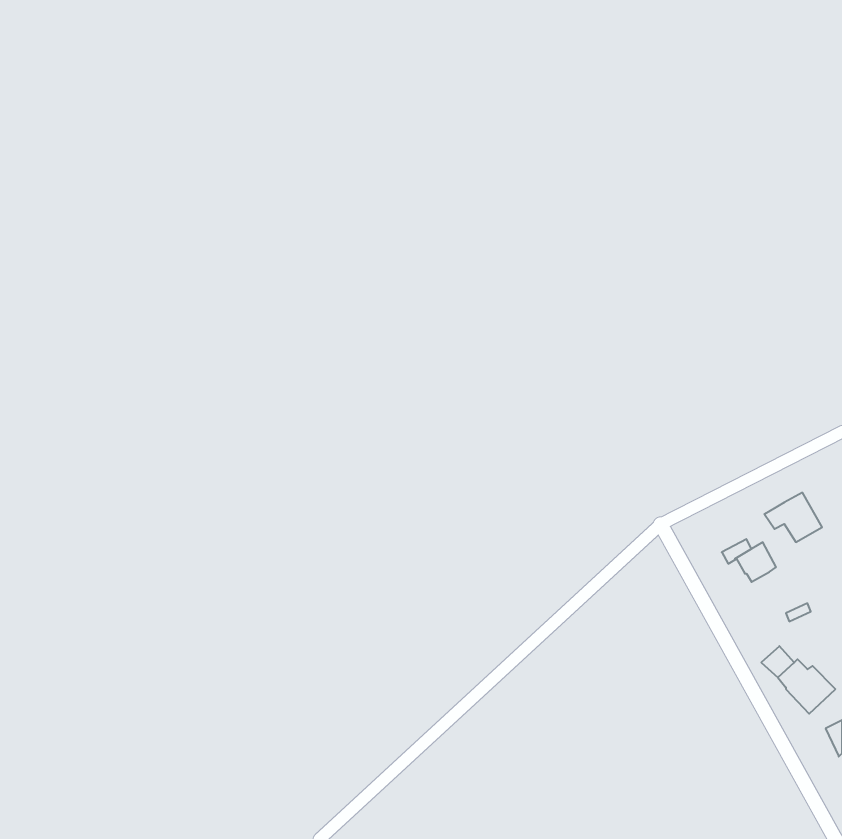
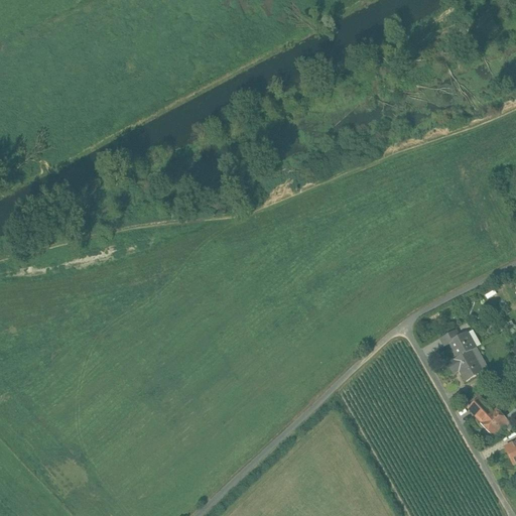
building: [764,493,822,542] -> [447,350,483,380]

